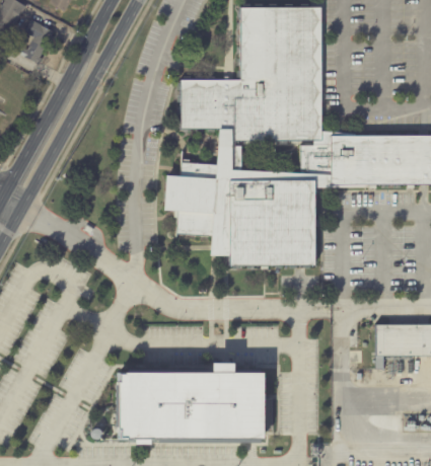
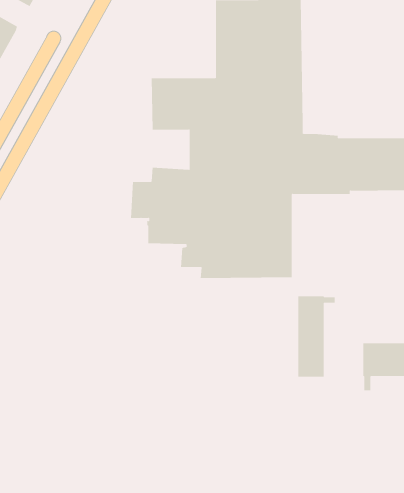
building: none -> [298,296,335,377]
building: [110,364,274,447] -> none

